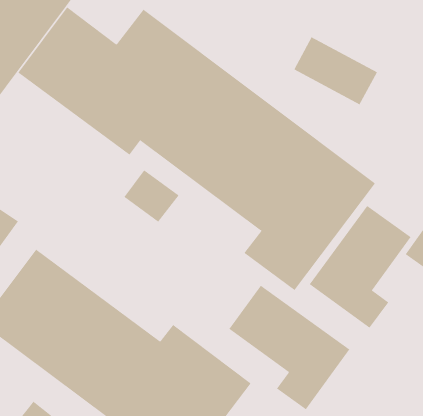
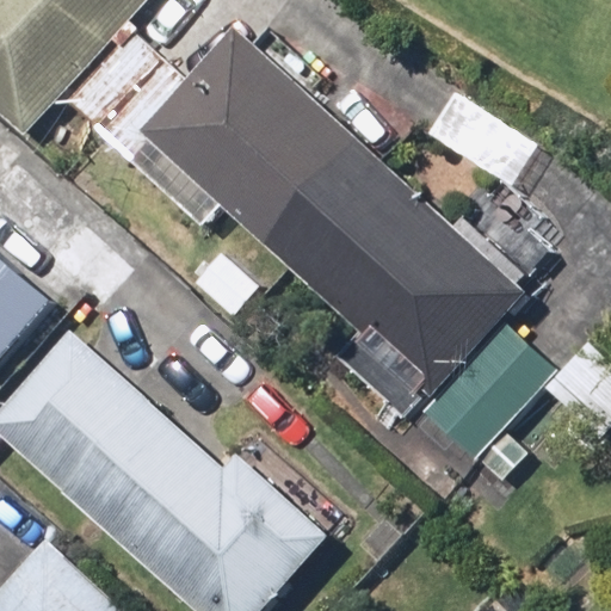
building: [228,285,350,410] -> none

